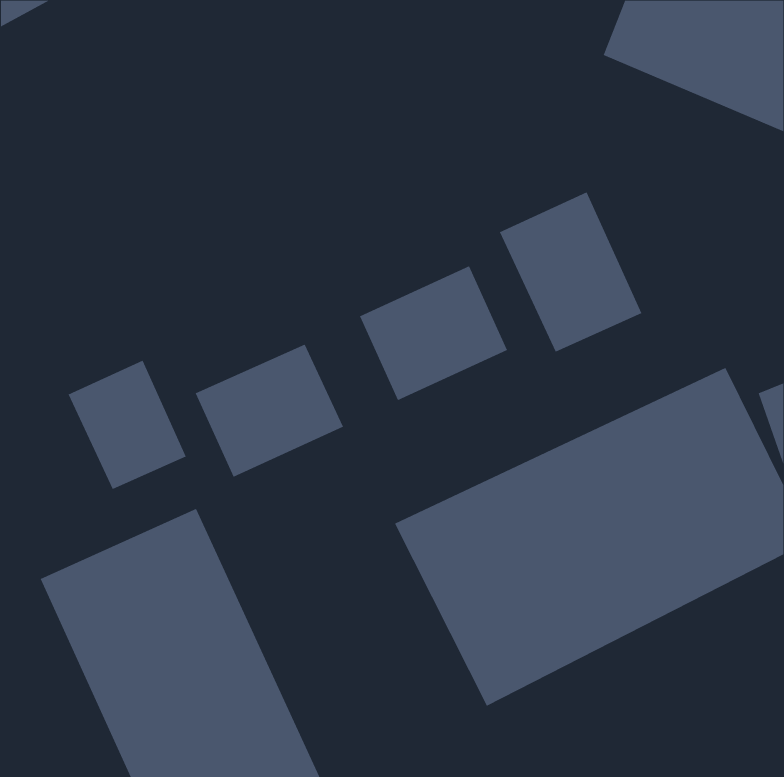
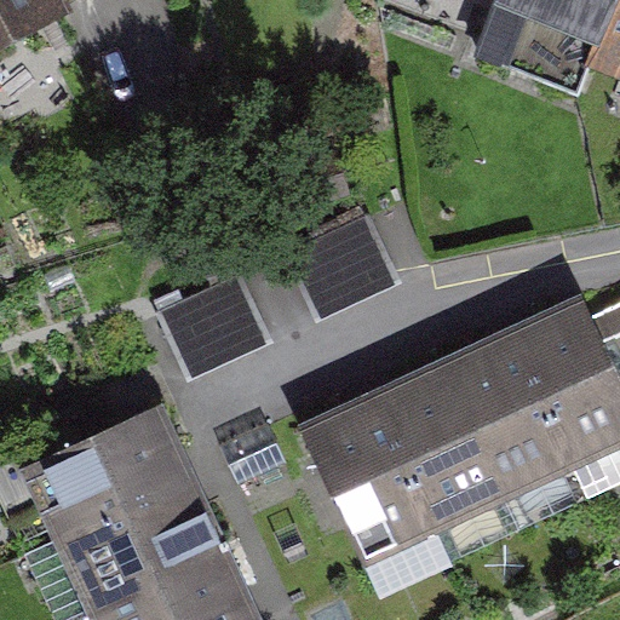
building: [499,191,642,352] -> none
building: [68,360,186,490] -> none

